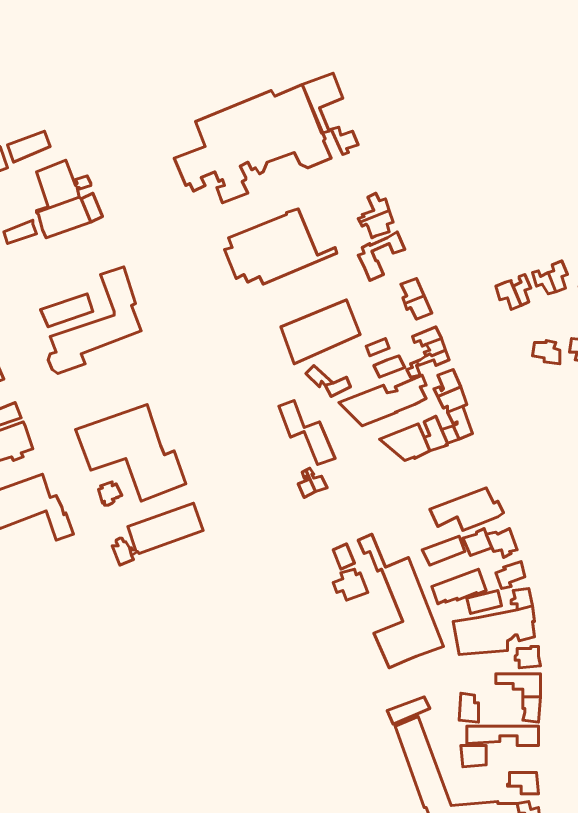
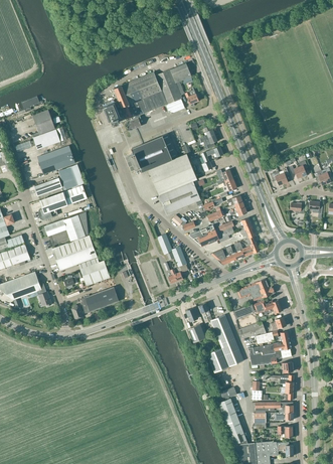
building: none -> [37,146,75,174]
building: none -> [150,157,197,195]
building: none -> [44,211,89,241]

